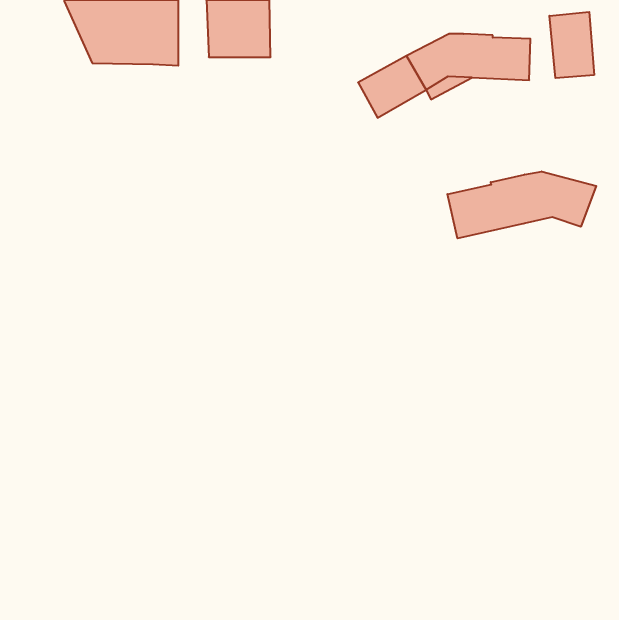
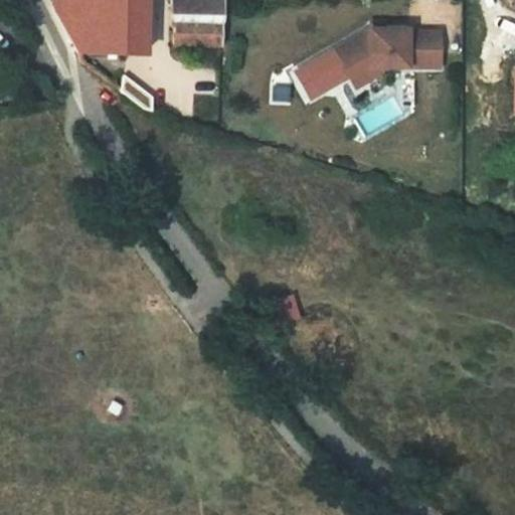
building: [549,12,594,78] -> none
building: [447,171,596,238] -> none

